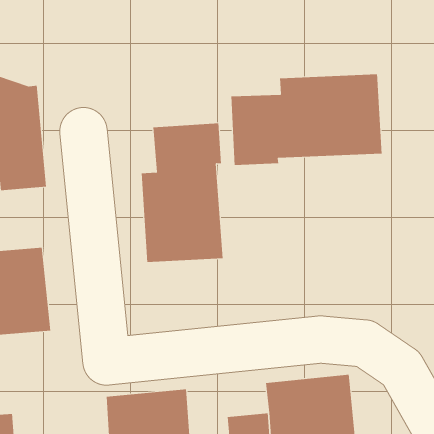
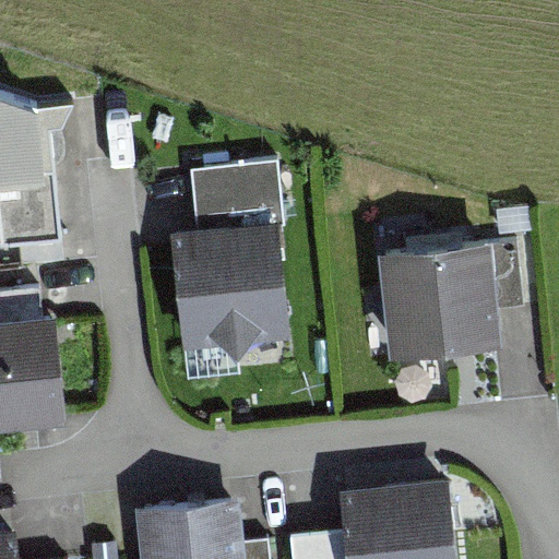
building: [231,74,382,166] -> none
building: none -> [378,243,500,359]

